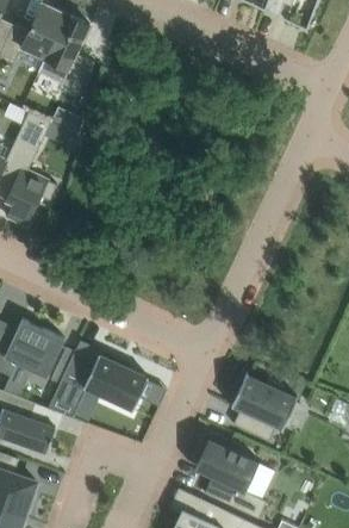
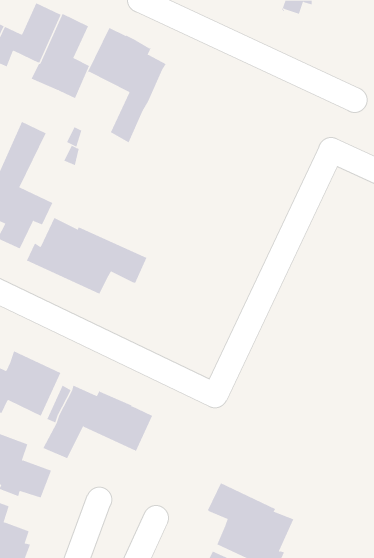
building: none -> [87,27,167,143]
building: none -> [26,217,147,294]
building: [230,373,299,441] -> none

